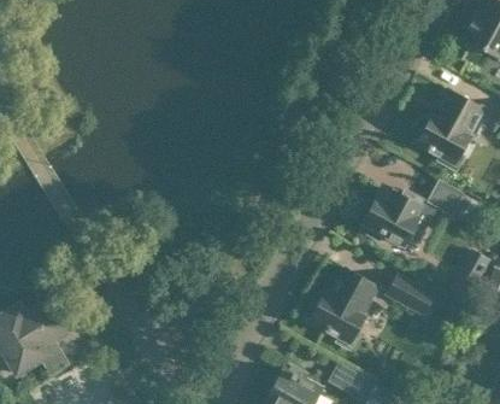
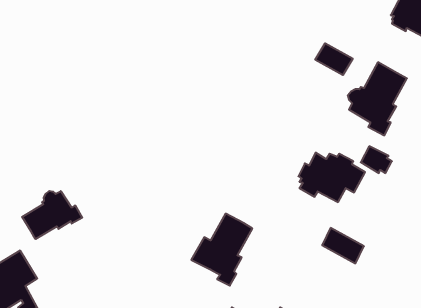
building: none -> [315,43,353,75]
building: none -> [22,191,82,239]
building: [306,268,375,349] -> [191,214,252,286]

